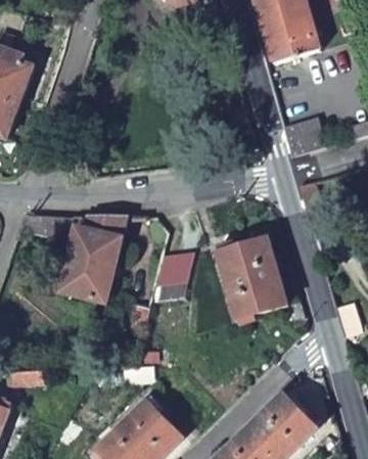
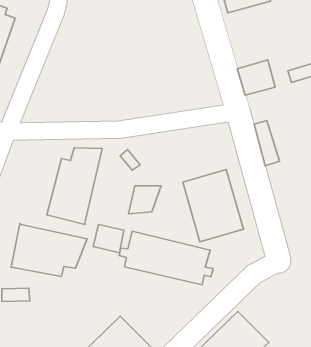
building: none -> [11,224,87,277]
building: none -> [119,231,213,285]

